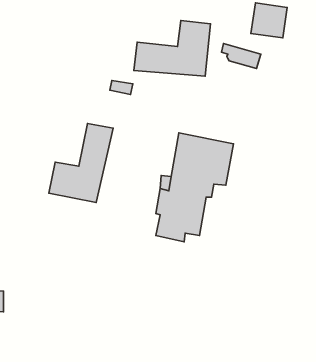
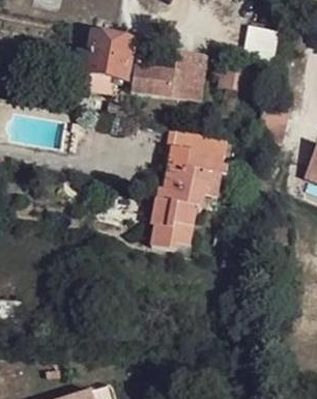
building: none -> [80,27,131,75]
building: [49,124,113,203] -> none

